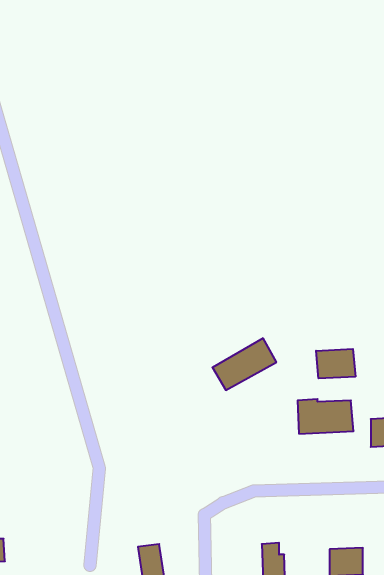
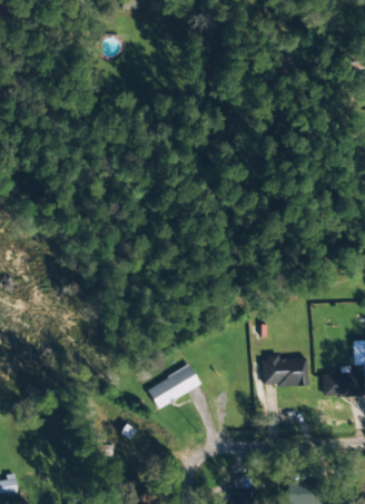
building: [212,338,276,390] -> [148,364,201,407]
building: [316,349,355,378] -> none

